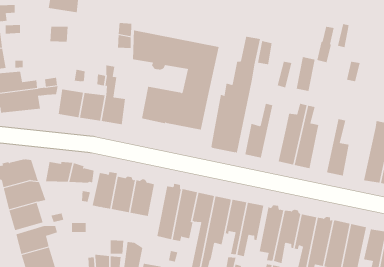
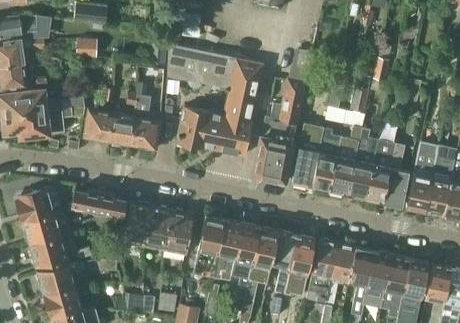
building: none -> [311,128,341,191]
building: none -> [365,139,396,203]
building: none -> [405,141,438,212]

